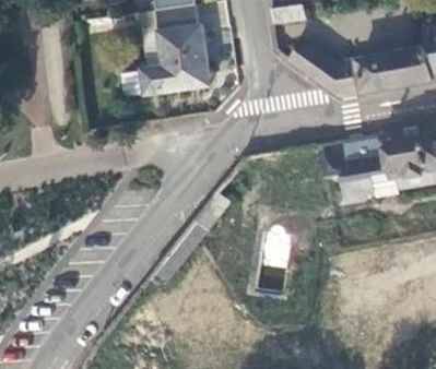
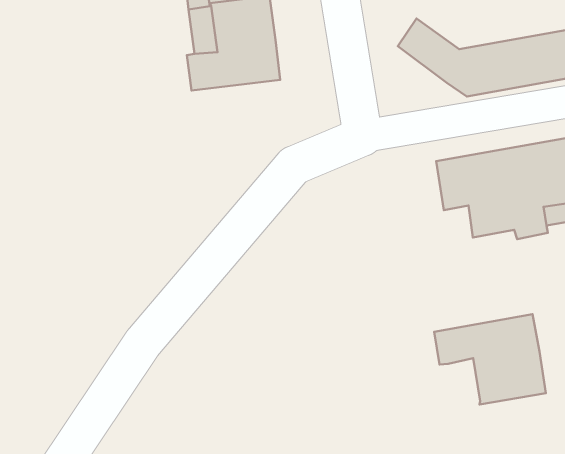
building: none -> [434,314,546,404]

